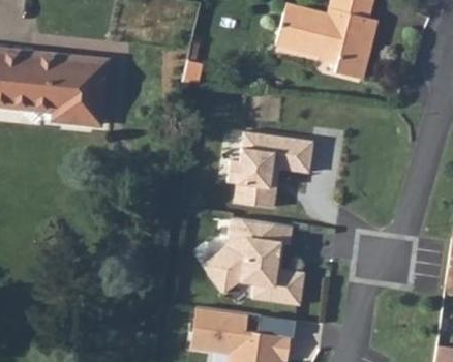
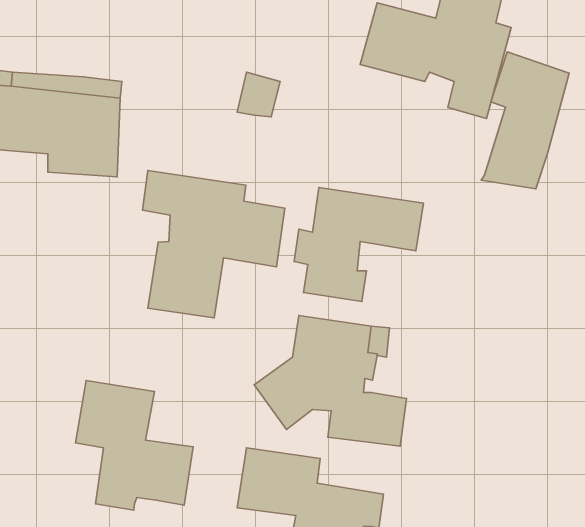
building: none -> [481,52,569,189]
building: none -> [142,171,285,318]
building: none -> [76,381,193,510]

